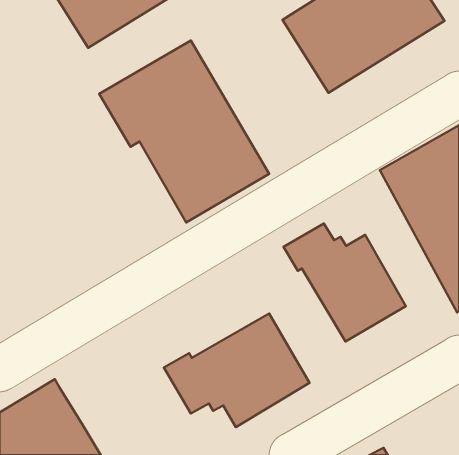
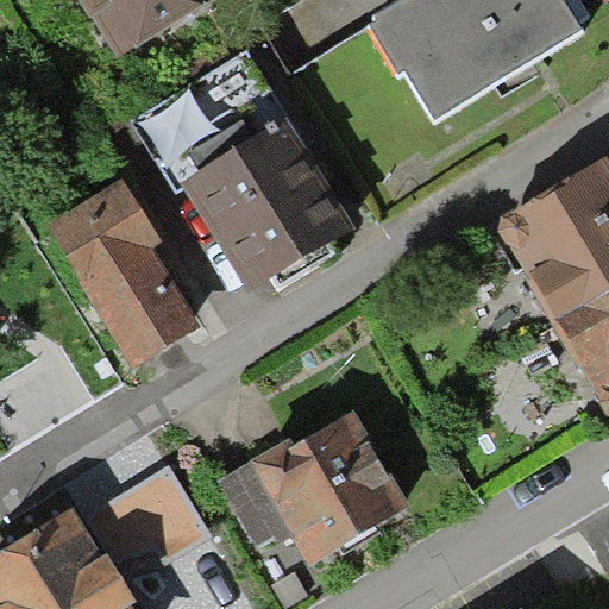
building: none -> [52,180,196,365]
building: [284,224,406,342] -> none
building: none -> [79,458,212,561]

